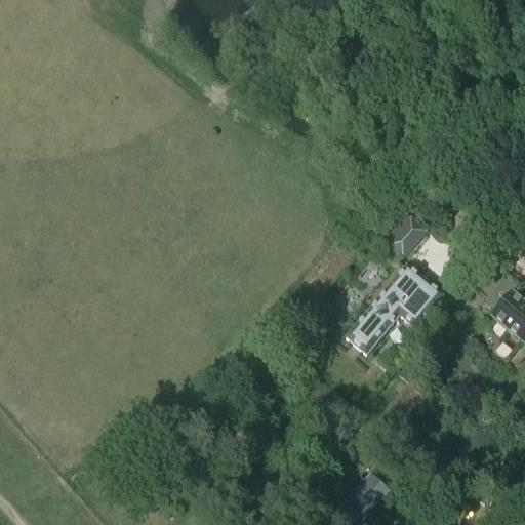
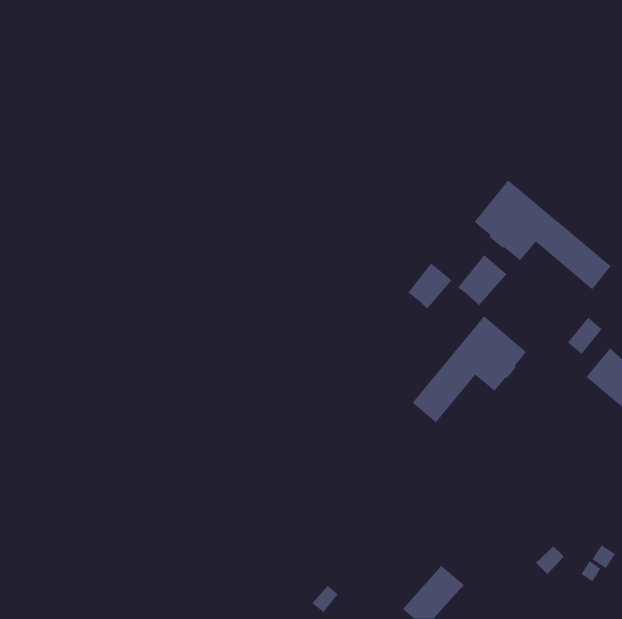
building: none -> [474,180,612,290]
building: none -> [407,263,452,310]

